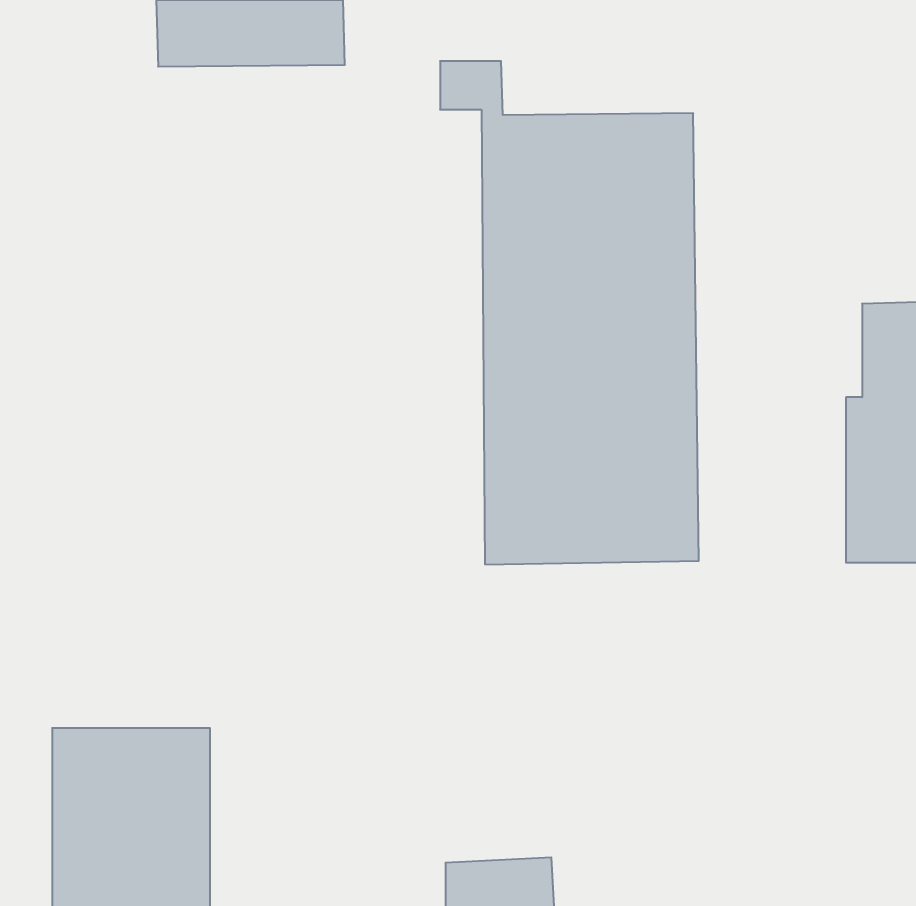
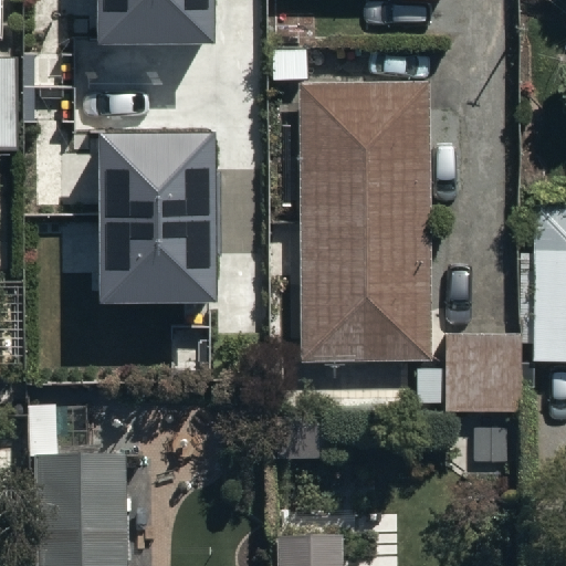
building: none -> [101,140,217,307]
building: none -> [415,328,522,405]

